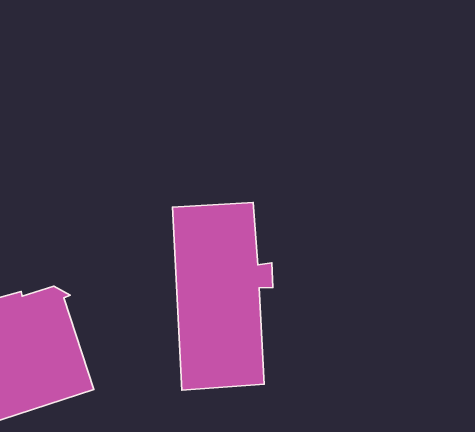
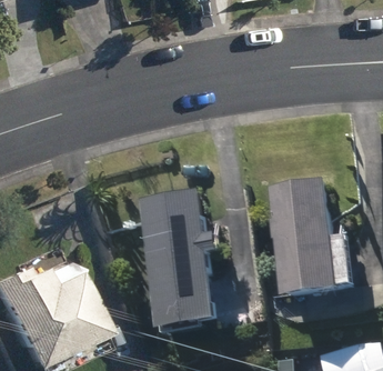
building: none -> [273,181,353,297]

